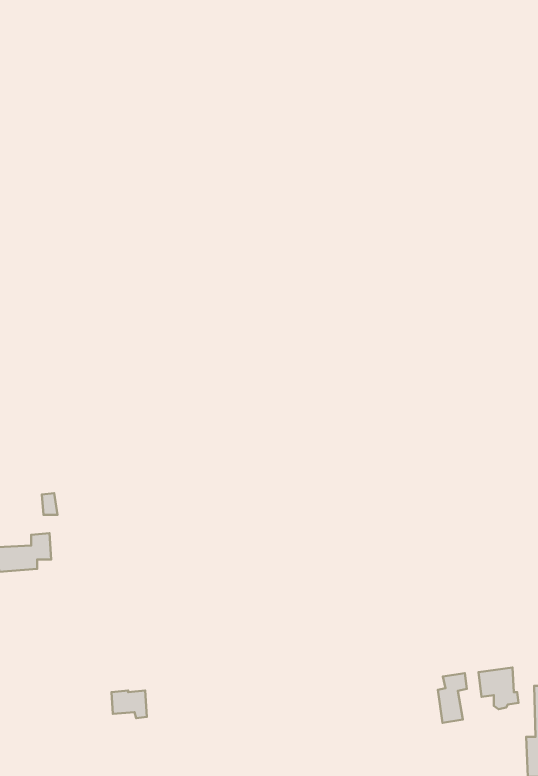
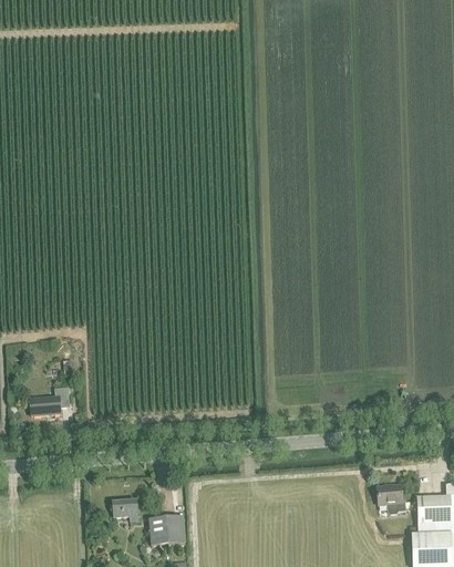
building: [438,673,467,723] -> none
building: none -> [149,515,186,545]

